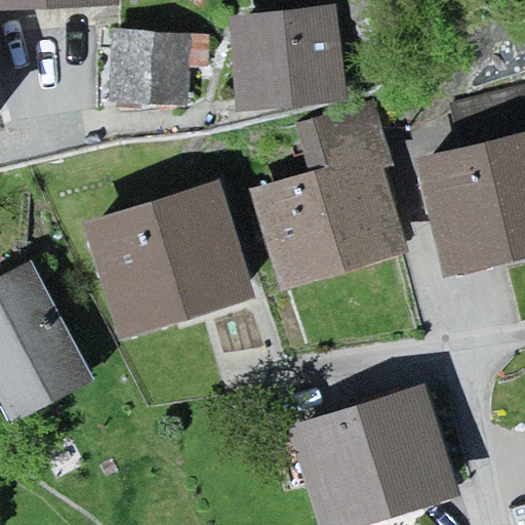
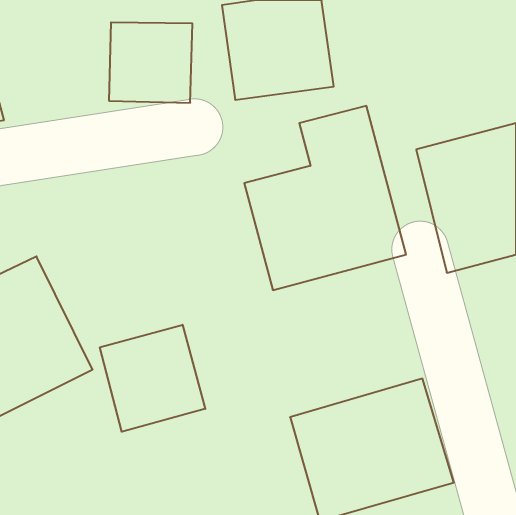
building: [84,183,255,336] -> none
building: none -> [100,325,205,432]

